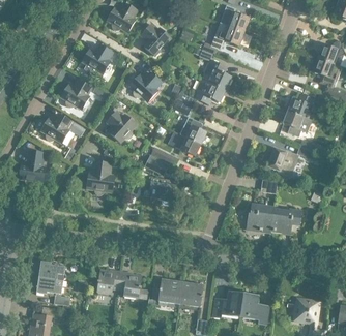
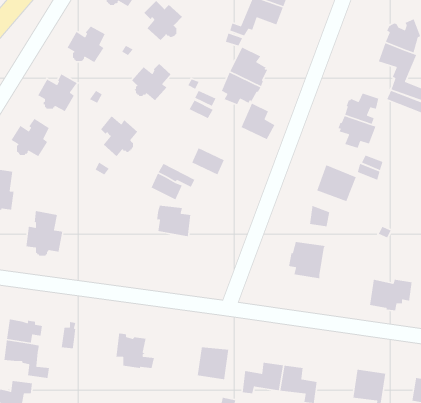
building: [180,116,206,144] -> [240,102,275,140]
building: [87,160,115,194] -> [25,210,63,257]
building: [270,209,302,233] -> [369,279,413,311]
building: [97,269,121,294] -> none
building: [152,278,182,303] -> none

